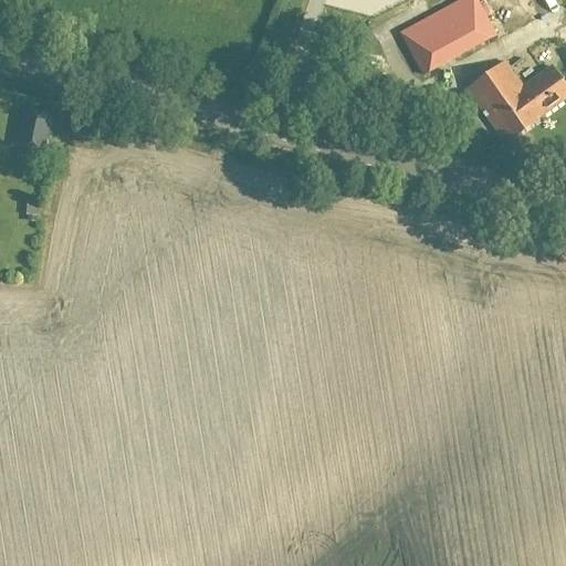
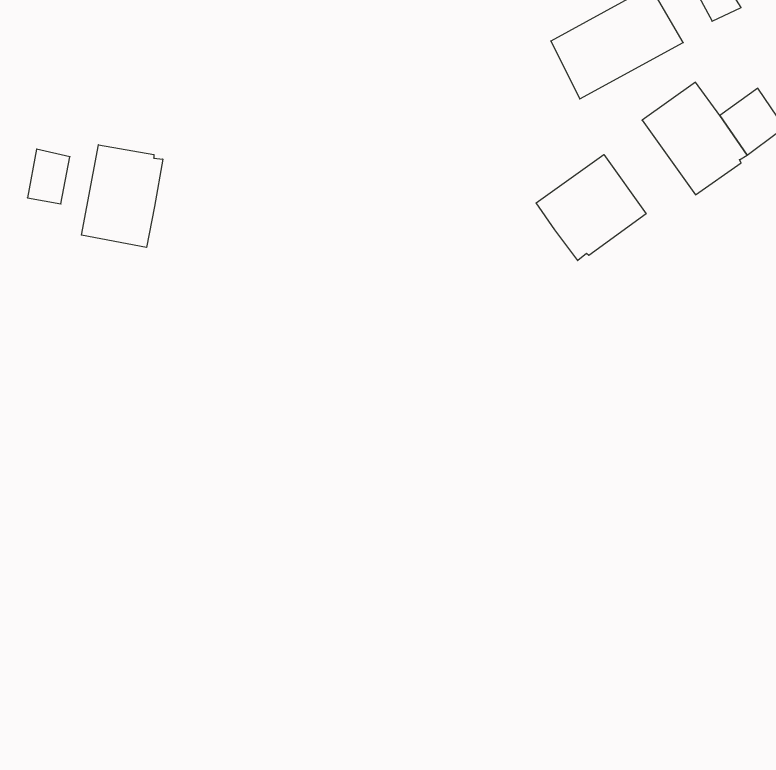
building: none -> [81,145,163,247]
building: none -> [536,155,646,261]

